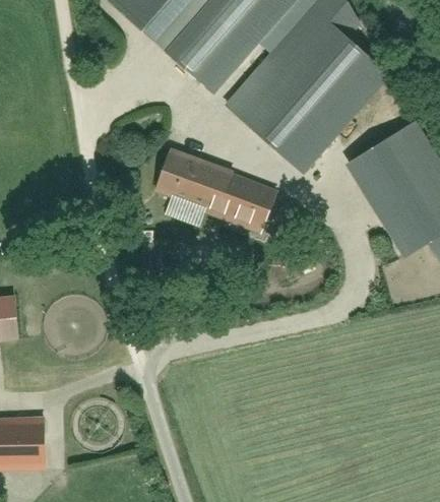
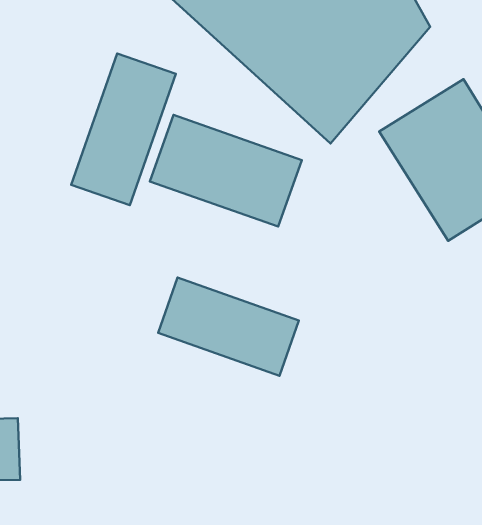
building: none -> [71,54,176,205]
building: none -> [158,278,299,376]

